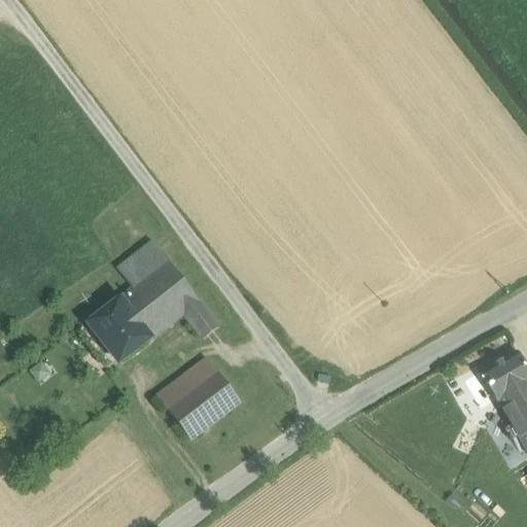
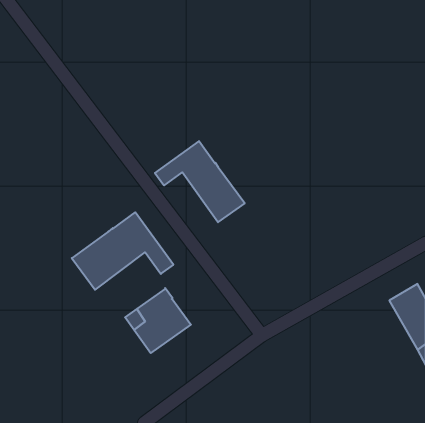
building: none -> [155,141,245,222]
building: [119,242,168,286] -> none

